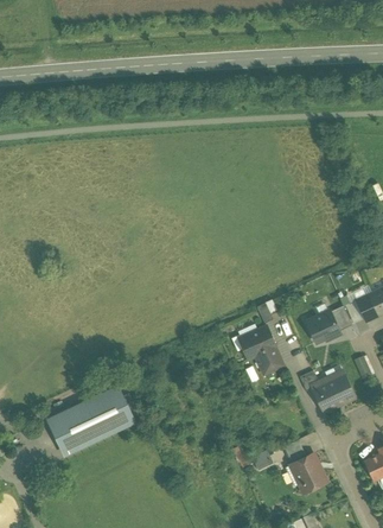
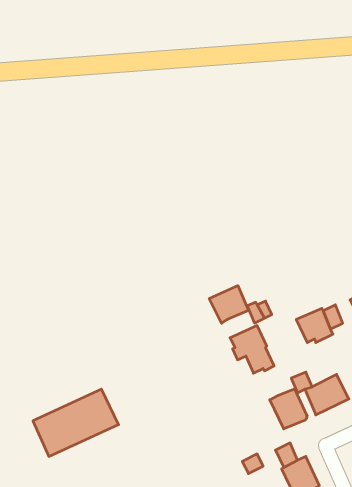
building: none -> [209,286,249,323]
building: none -> [270,389,307,429]

